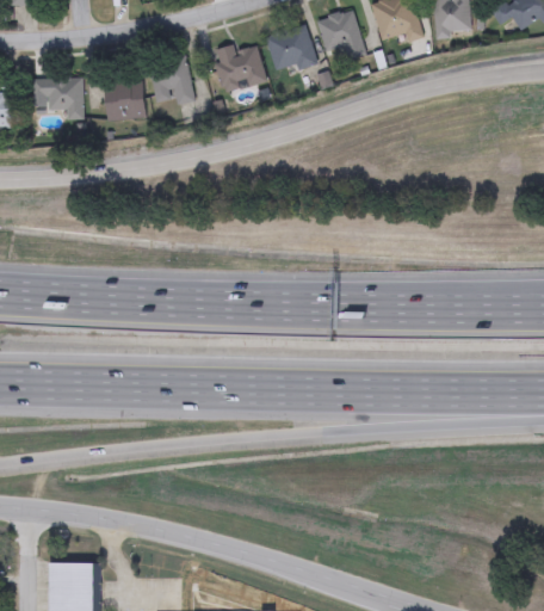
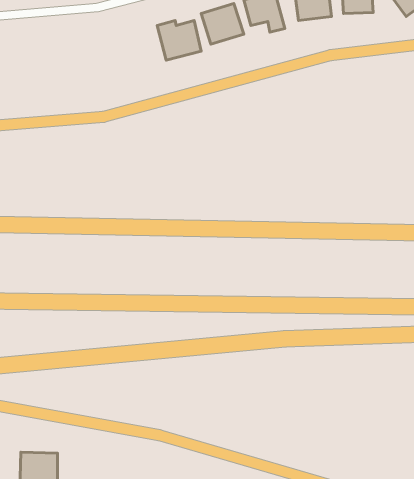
building: [149,56,193,104] -> none
building: [32,76,84,119] -> none
building: [104,79,144,119] -> none

